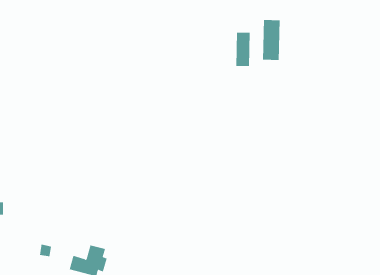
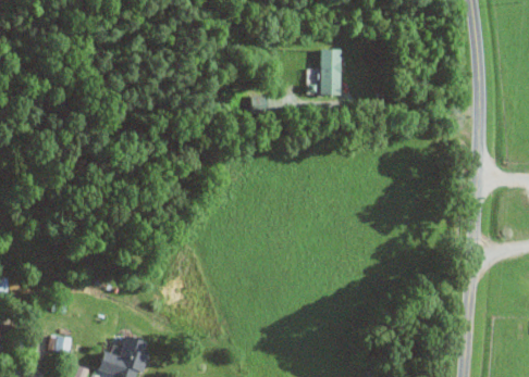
building: [263,19,280,61] -> none

